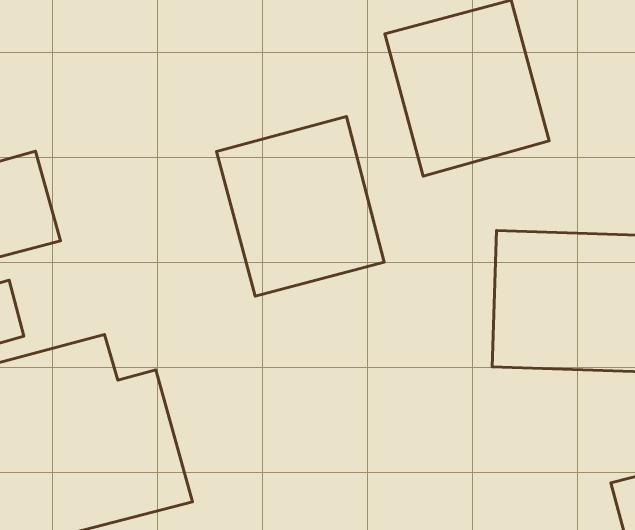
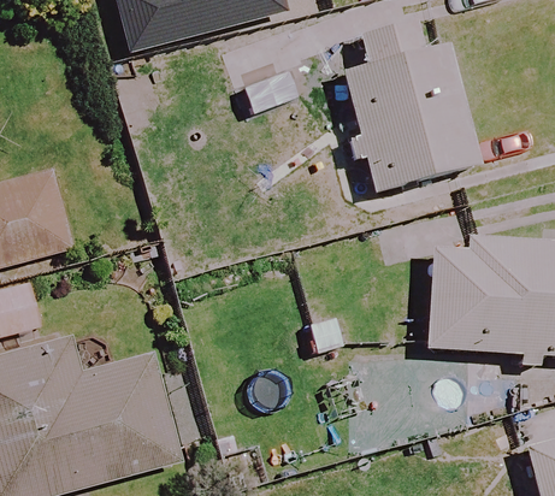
building: [216,117,384,296] -> none

